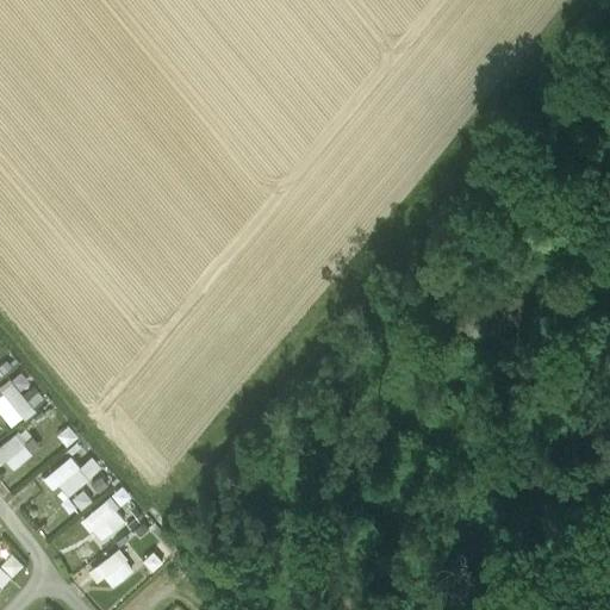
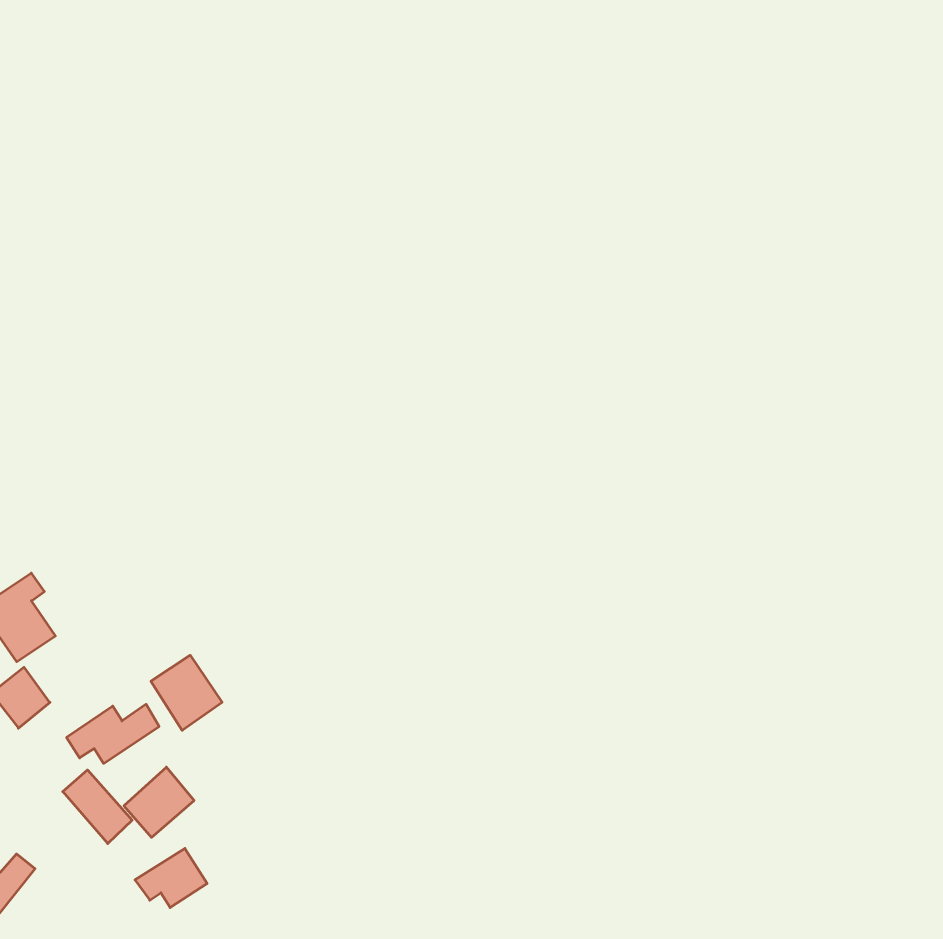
building: none -> [151,655,222,730]
building: none -> [63,770,132,844]

